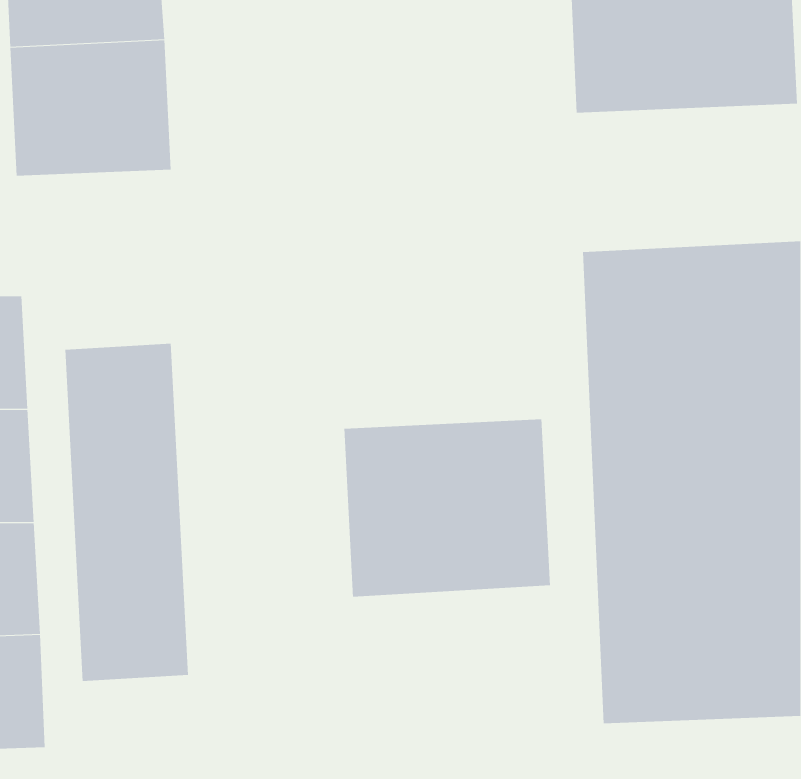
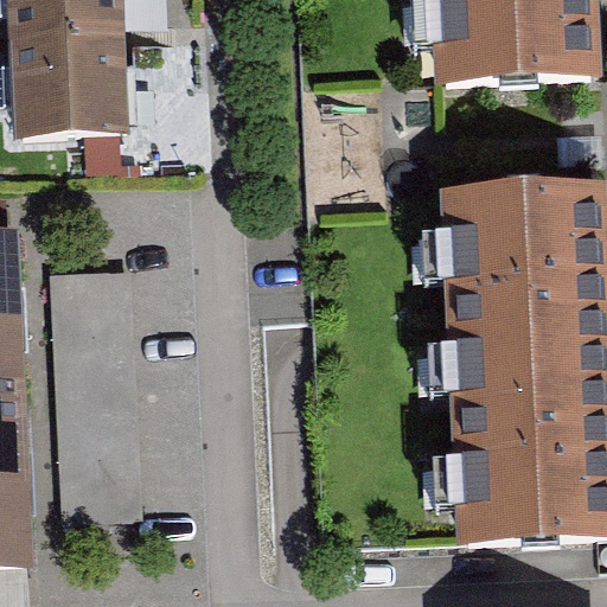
building: [344,418,550,598] -> none

